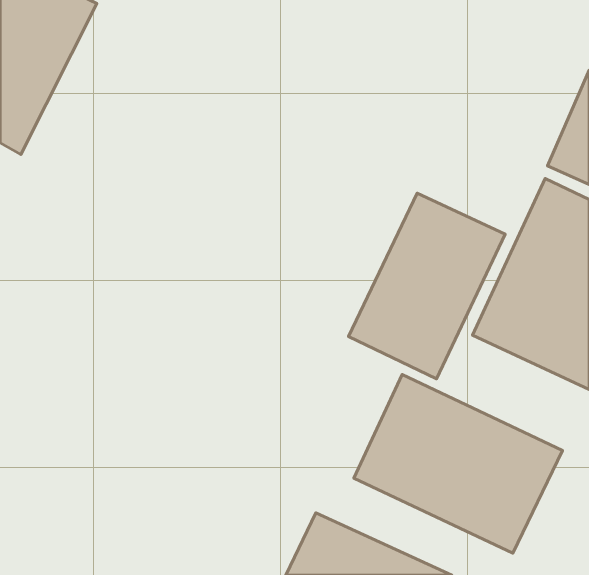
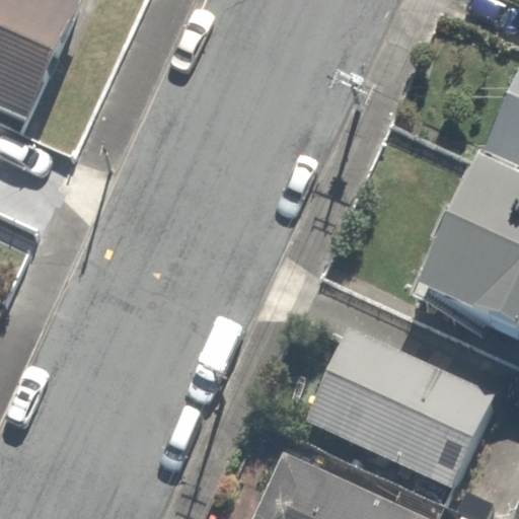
building: [349,193,505,379] -> none

